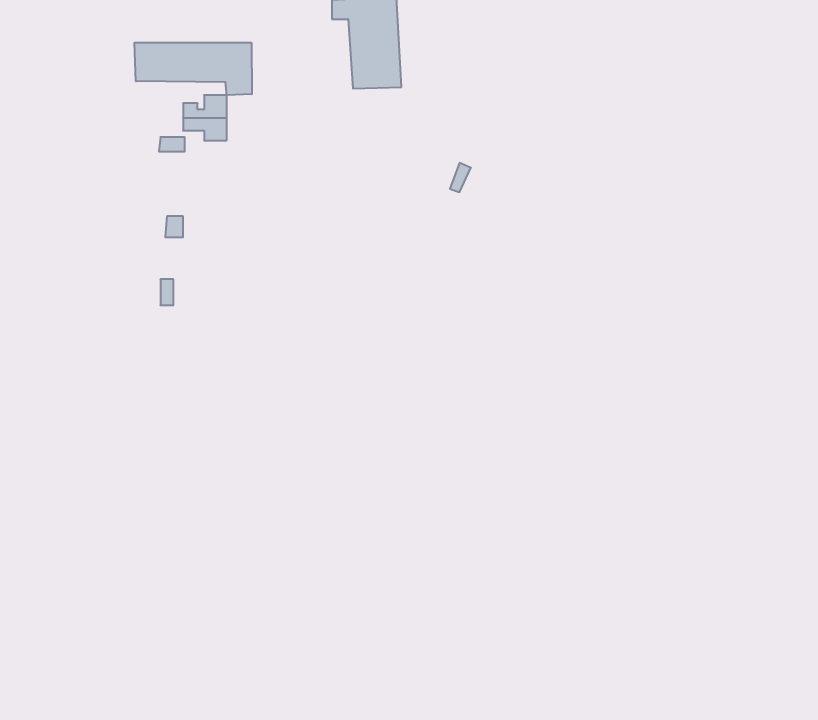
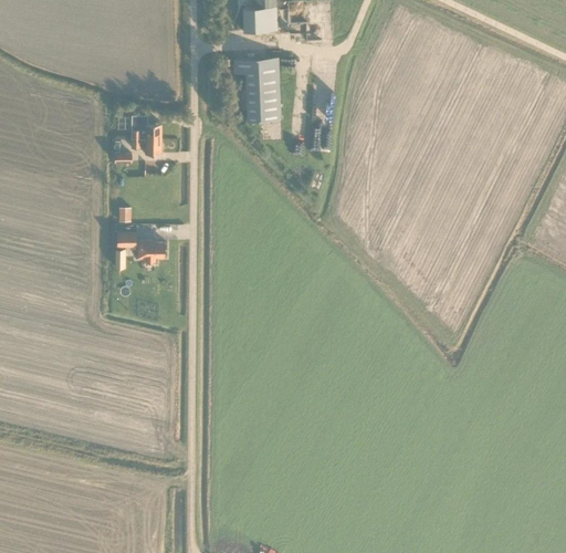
building: [135,43,252,95] -> none
building: none -> [117,232,165,261]

